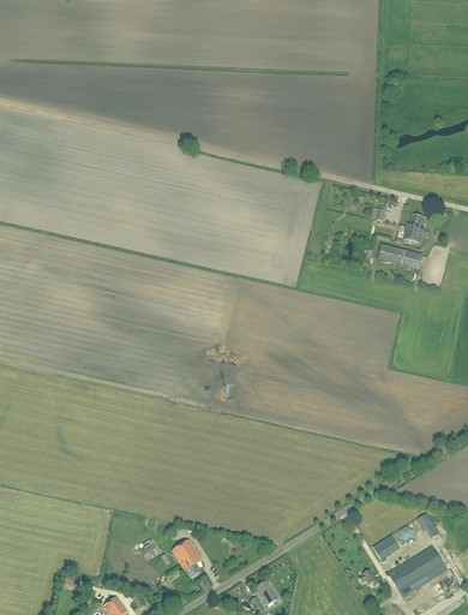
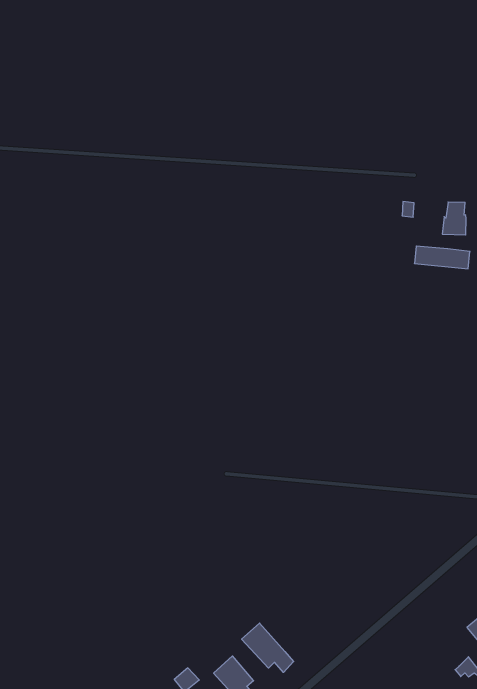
building: none -> [242,623,294,672]

